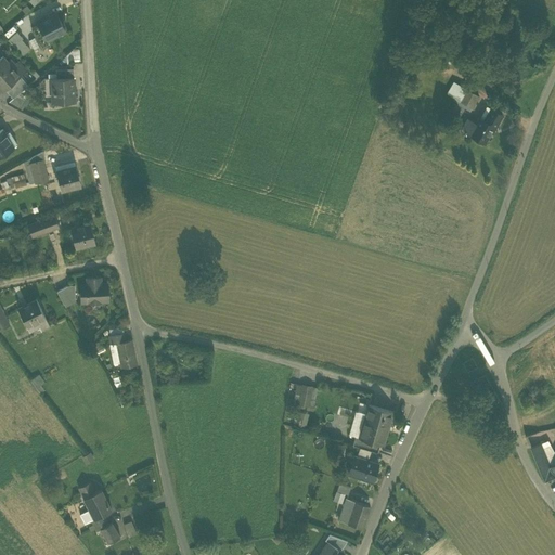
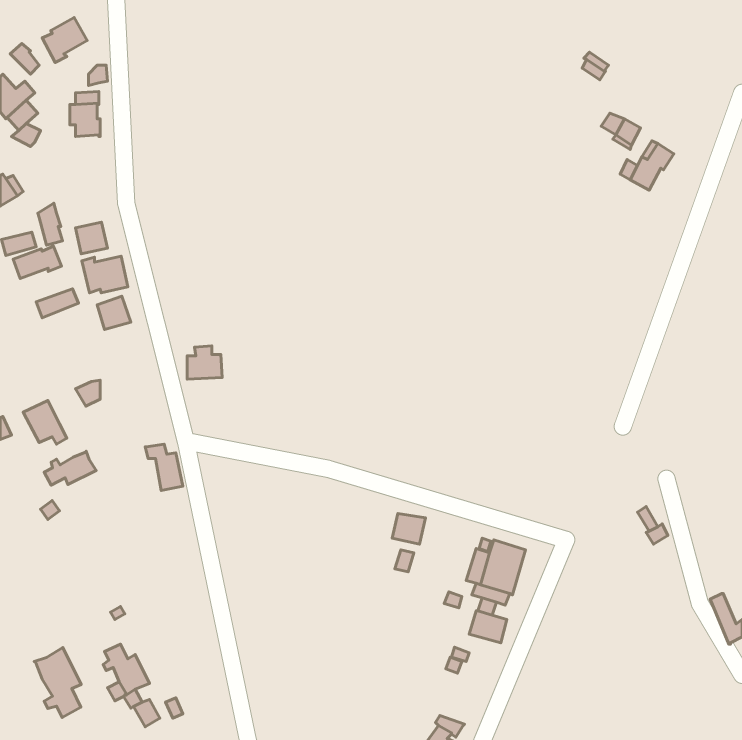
building: none -> [13,246,62,278]
building: none -> [82,256,128,293]
building: [81,278,107,302] -> [187,346,222,379]
building: none -> [44,451,96,485]
building: none -> [34,647,81,717]
building: [339,499,370,529] -> none

